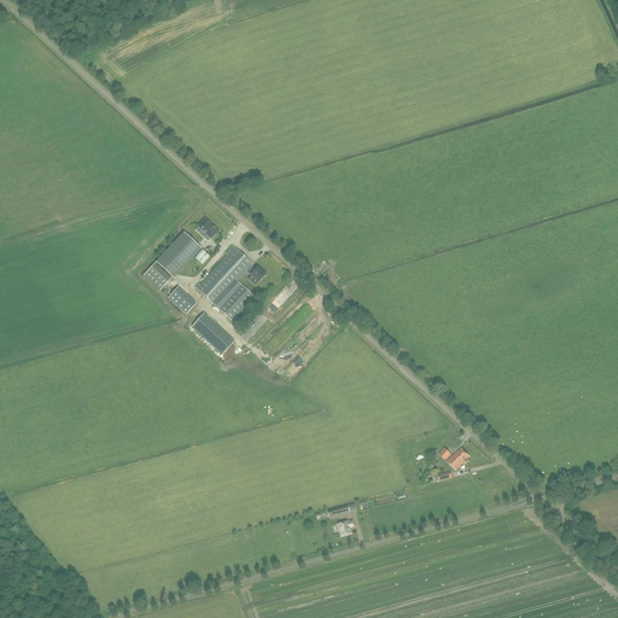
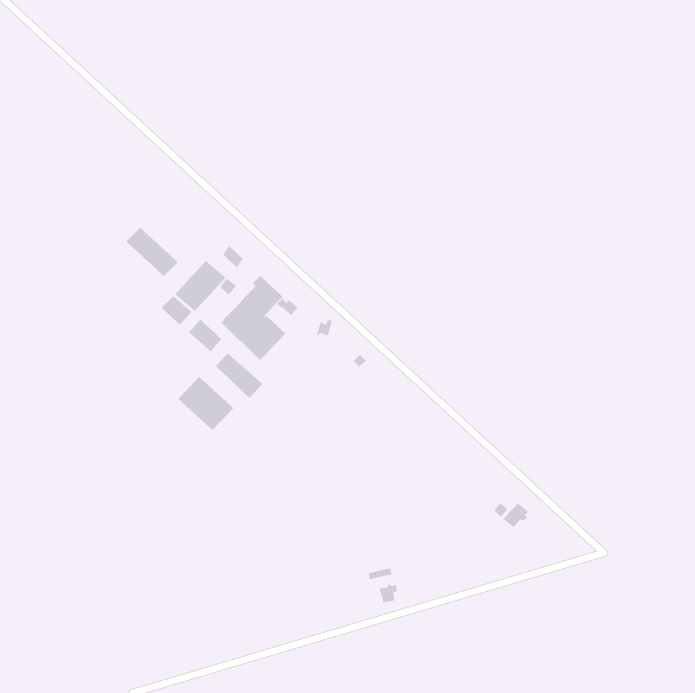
building: none -> [125,227,179,277]
building: none -> [178,376,234,431]

